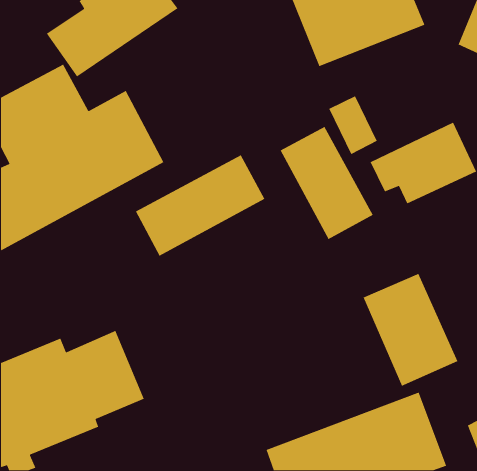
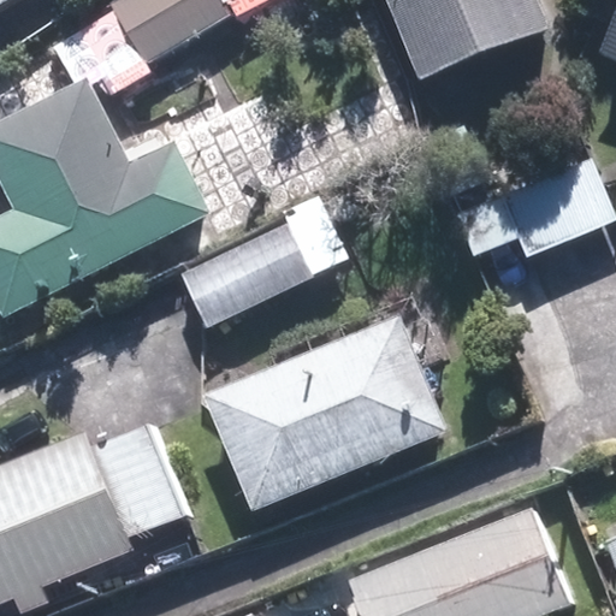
building: [279,126,374,240] -> none
building: none -> [201,313,446,513]
building: [363,273,458,387] -> none

